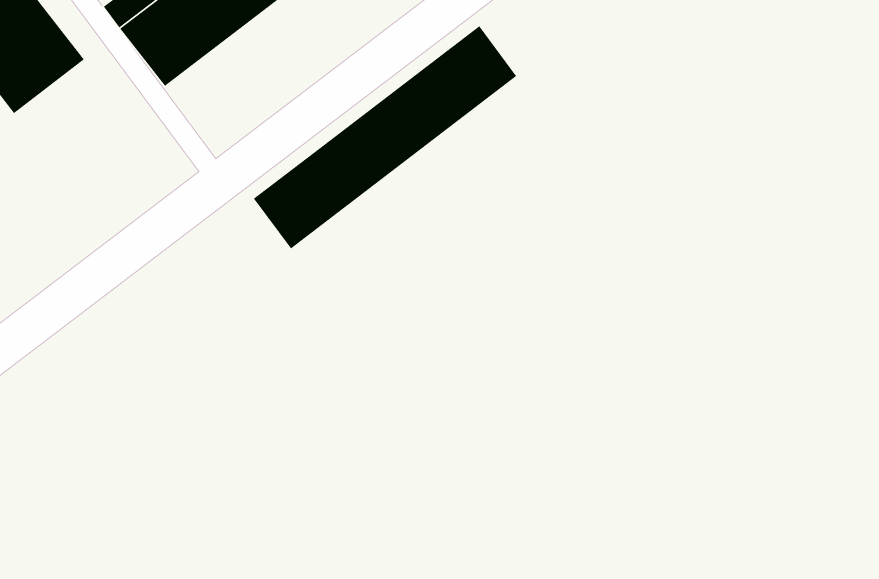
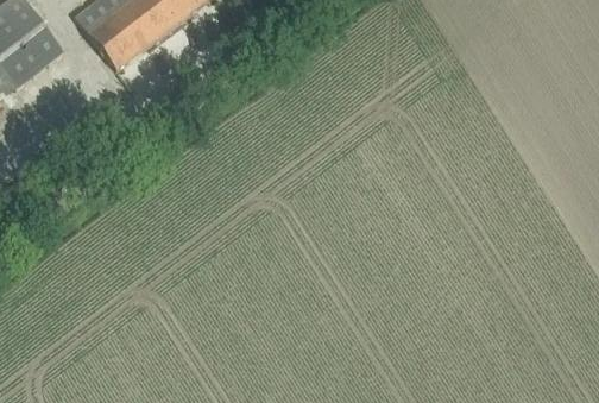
building: [253,25,517,249] -> none

